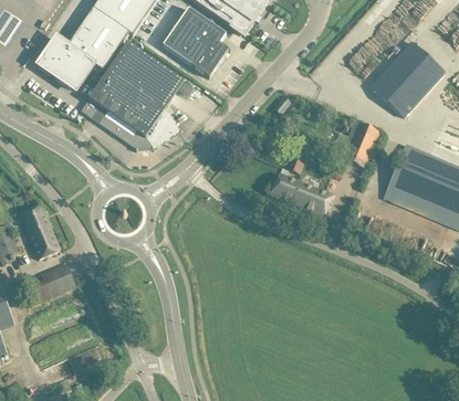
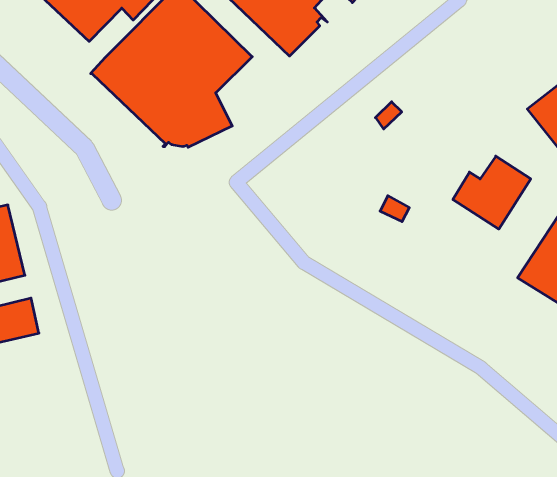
building: [270,173,332,215] -> none

